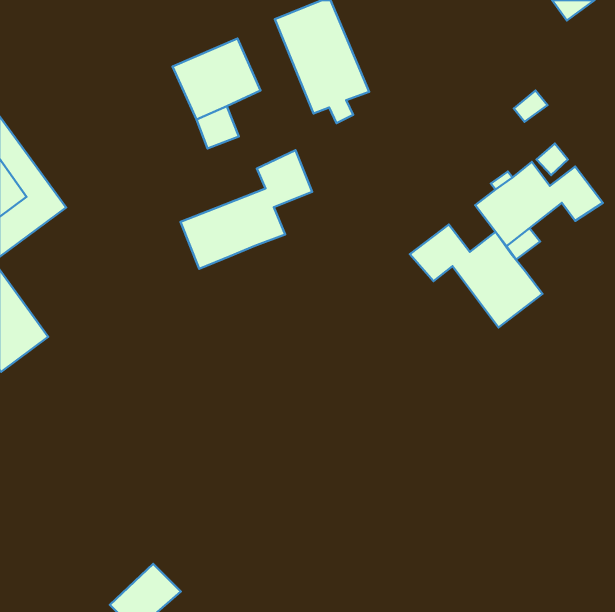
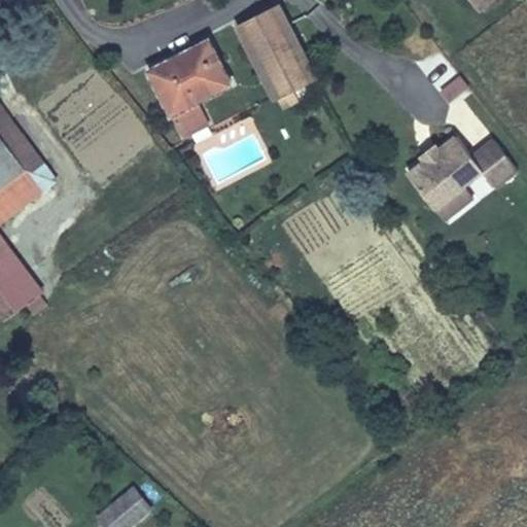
building: [180,150,312,269] -> none
building: [410,224,543,328] -> none

